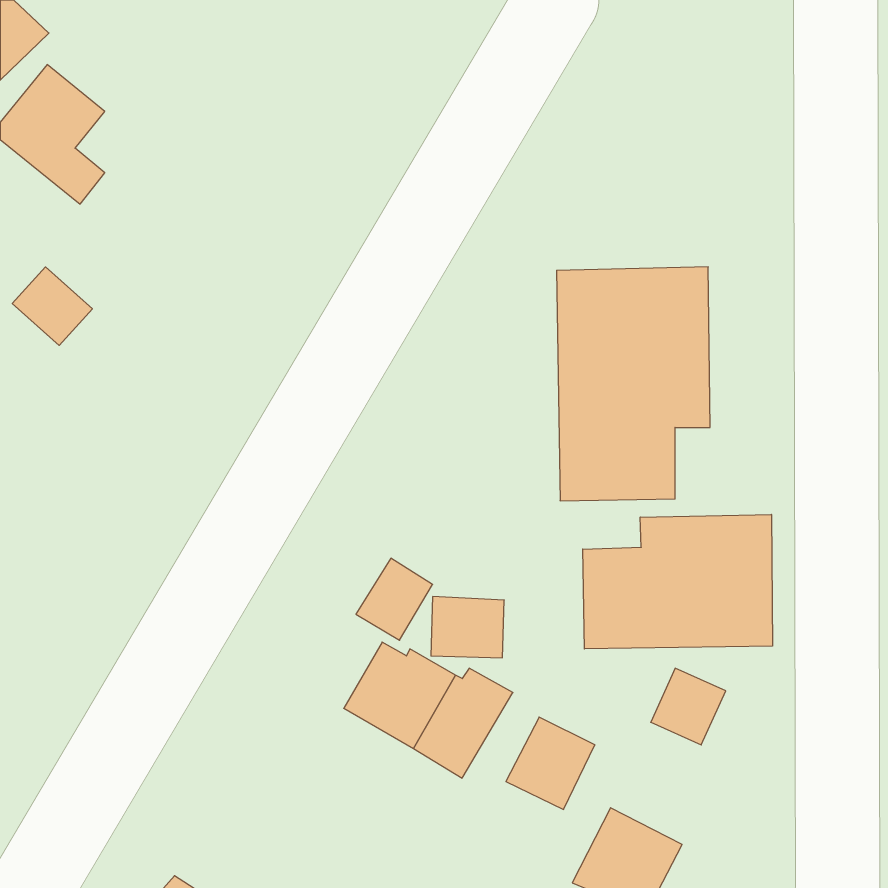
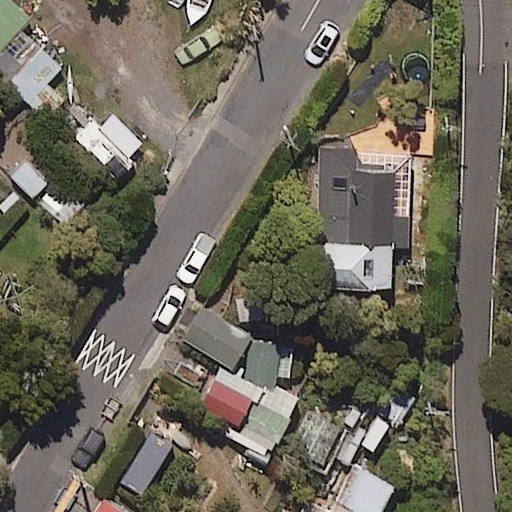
building: [583,514,772,649] -> none

